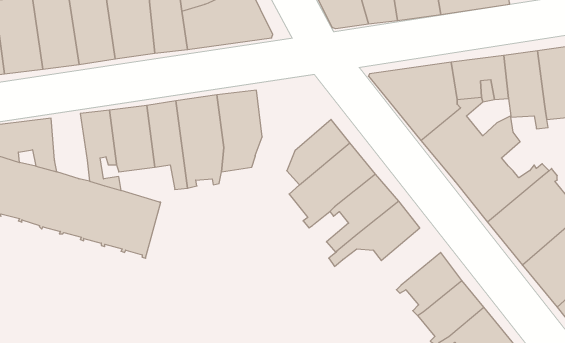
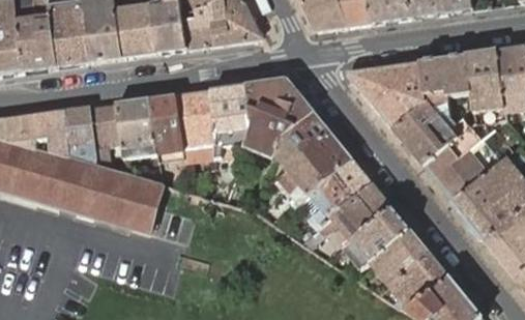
building: none -> [245,79,313,156]
building: none -> [64,106,98,166]
building: none -> [342,207,410,270]

